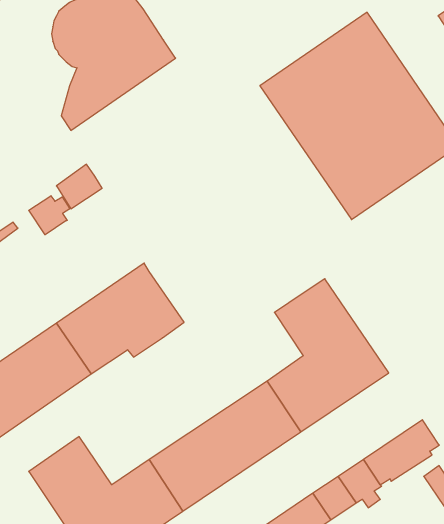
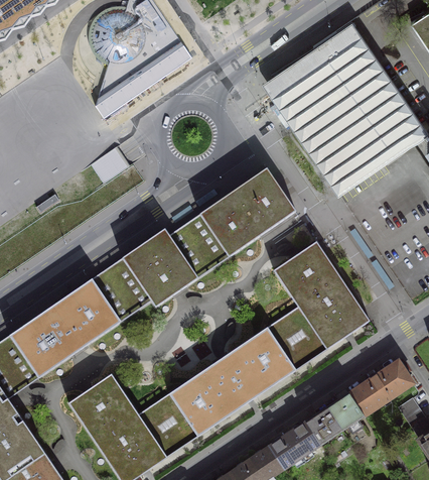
building: none -> [169,169,296,278]
building: [29,196,70,235] -> none

